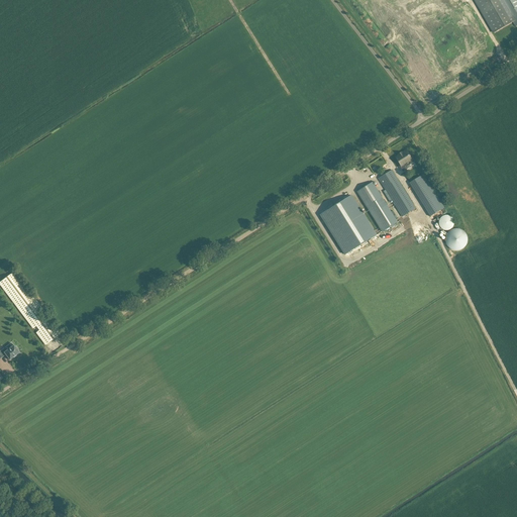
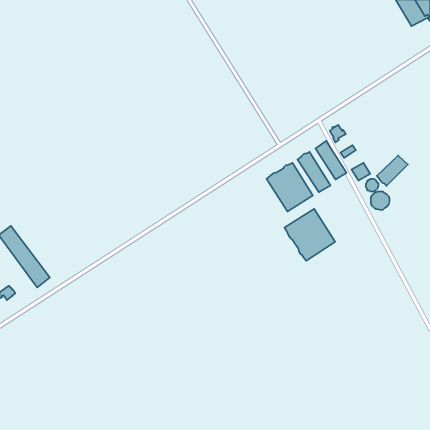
building: none -> [377,155,408,186]
building: none -> [285,209,335,261]

